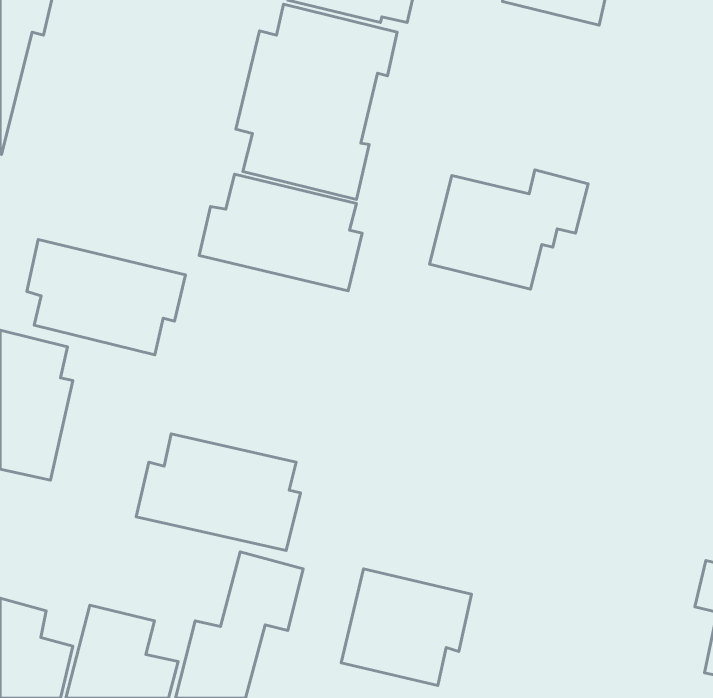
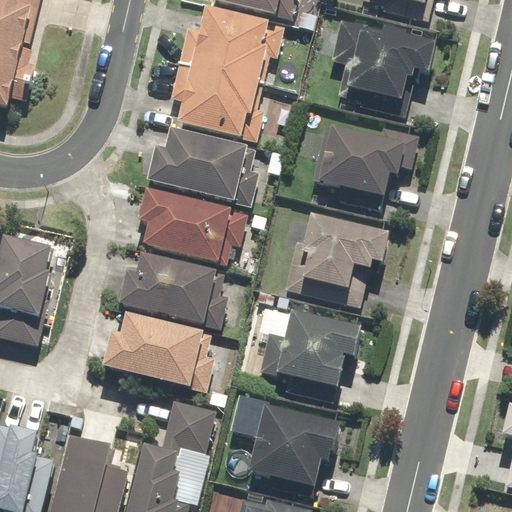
building: none -> [334,15,436,113]
building: [27,240,186,355] -> [137,184,250,266]
building: none -> [285,214,388,304]
building: none -> [117,254,231,329]
building: none -> [257,302,361,399]

